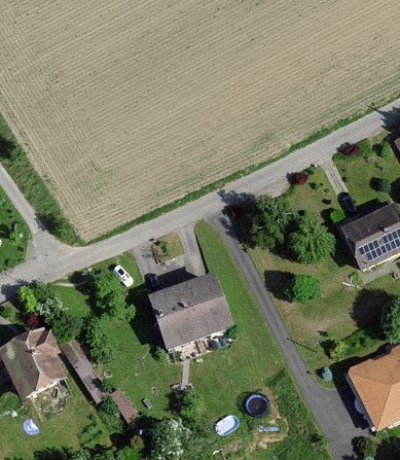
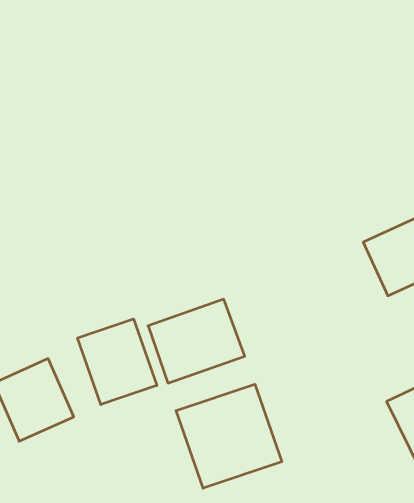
building: none -> [78,319,157,405]
building: none -> [176,384,282,488]

